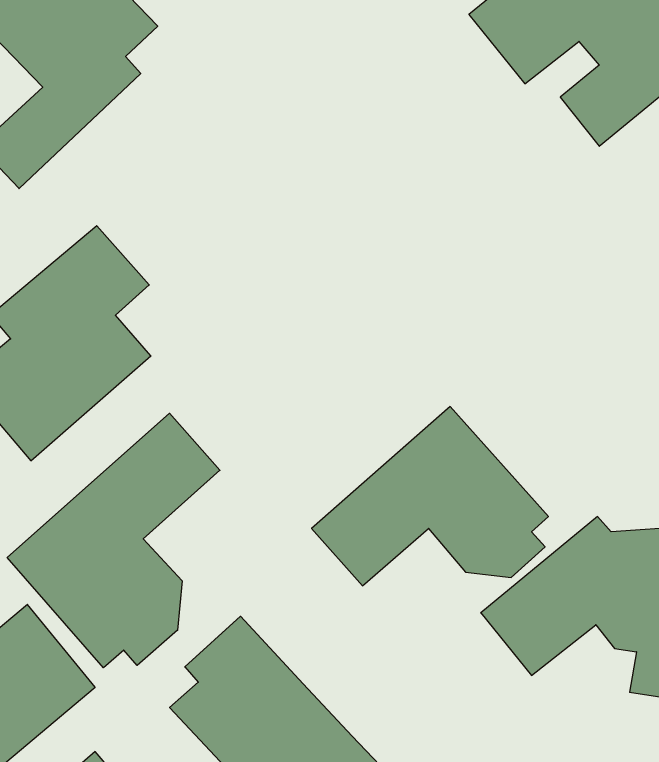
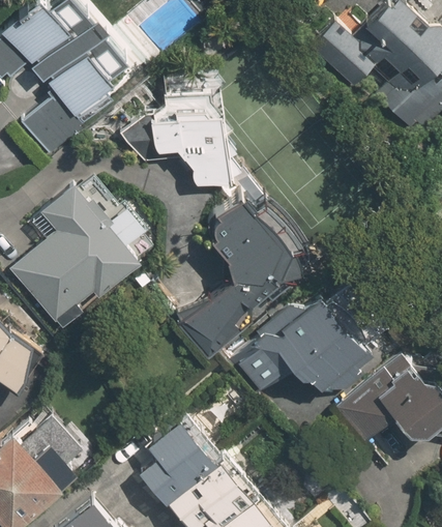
building: none -> [119,63,229,189]
building: none -> [170,191,310,372]
building: [7,413,220,668] -> none

